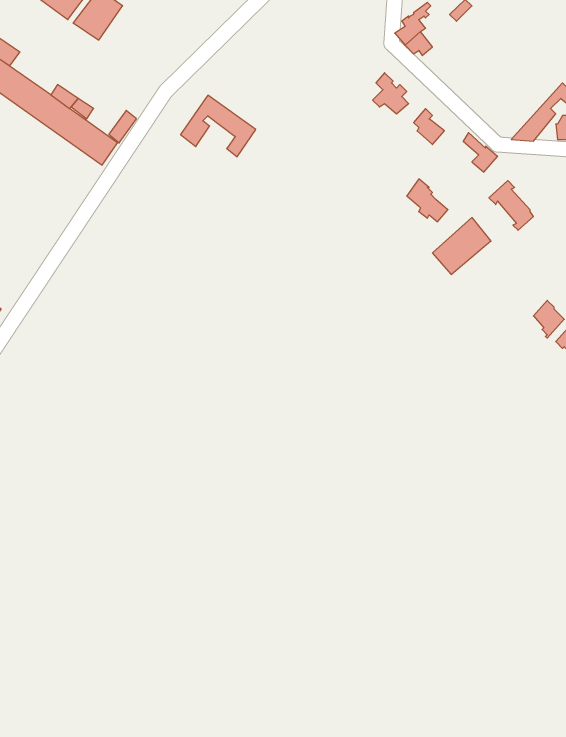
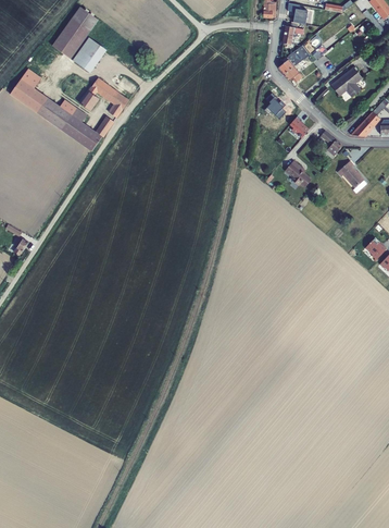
building: none -> [332,69,362,96]
building: [181,95,256,157] -> [80,78,128,118]
building: [433,218,491,275] -> none

